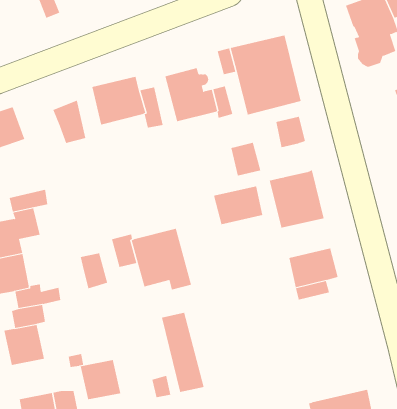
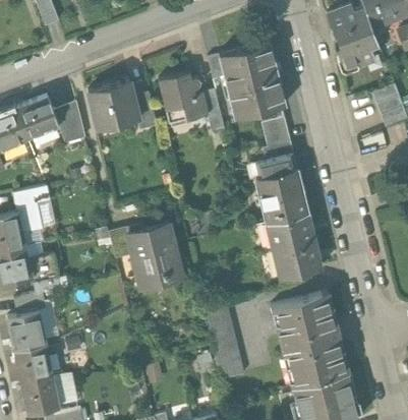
building: none -> [16,98,59,139]
building: [231,142,261,176] -> [263,143,291,175]
building: [213,186,263,225] -> [267,214,313,250]
building: [80,252,108,289] -> none
building: none -> [277,292,348,385]
building: [161,312,205,393] -> [203,305,244,380]
building: [80,360,121,400] -> [14,345,53,382]

